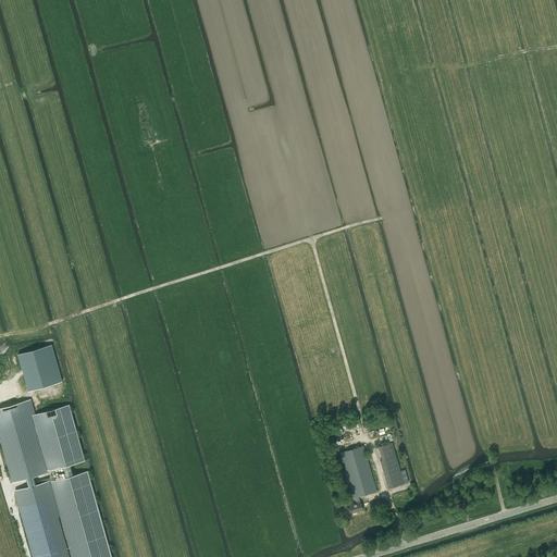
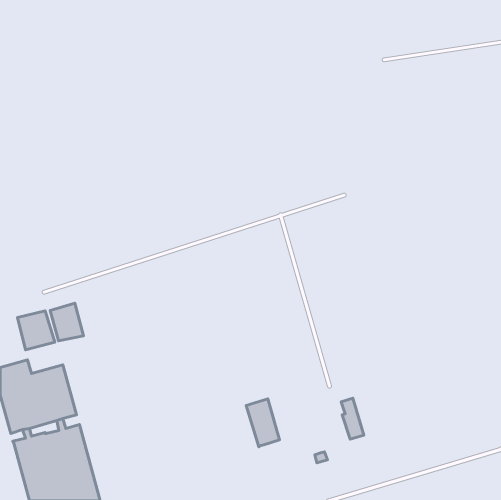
building: none -> [50,303,84,341]
building: [339,446,376,499] -> [246,399,279,447]

